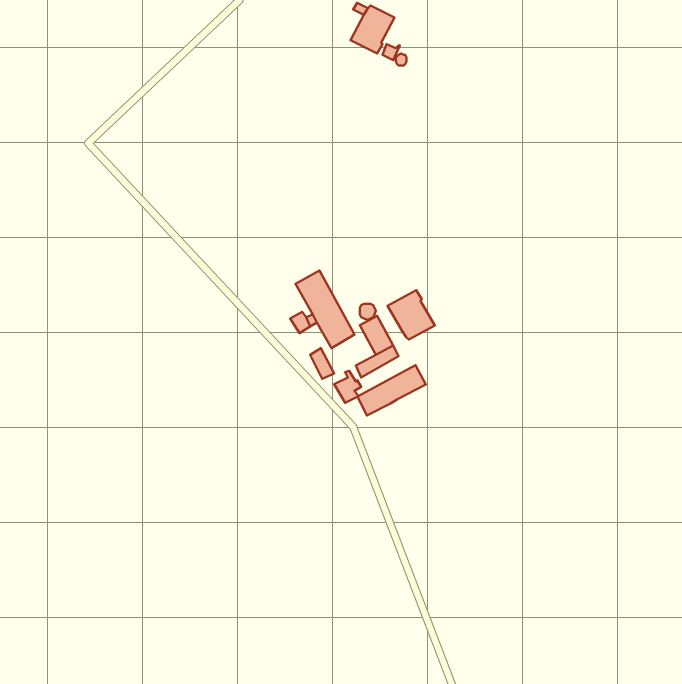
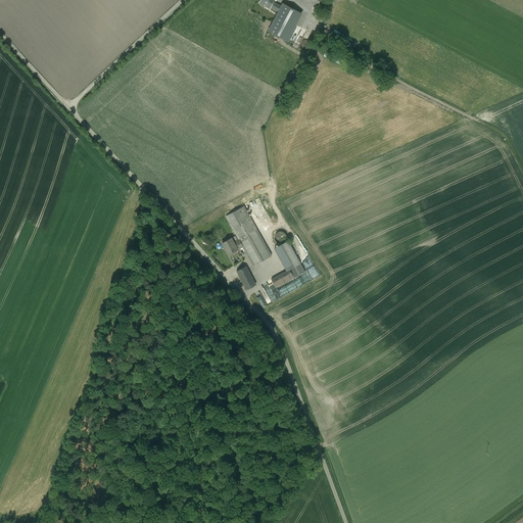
building: [388,290,435,340] -> none
building: [358,365,426,415] -> none

